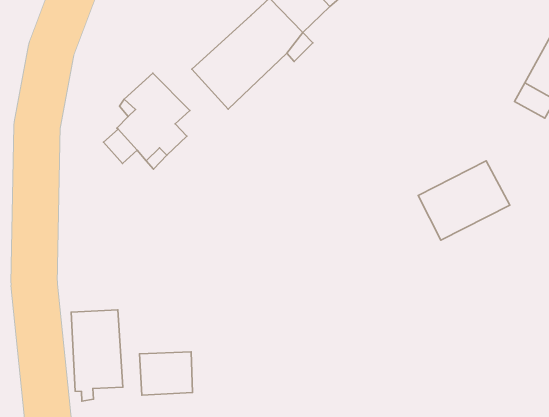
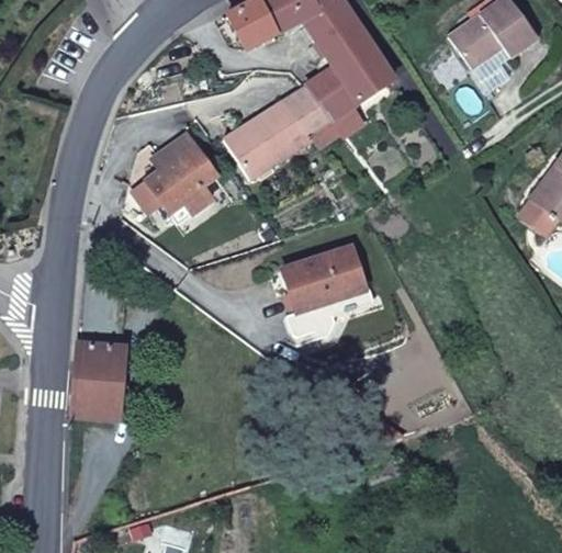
building: [418,161,510,240] -> [283,246,366,312]
building: [140,352,193,395] -> none

